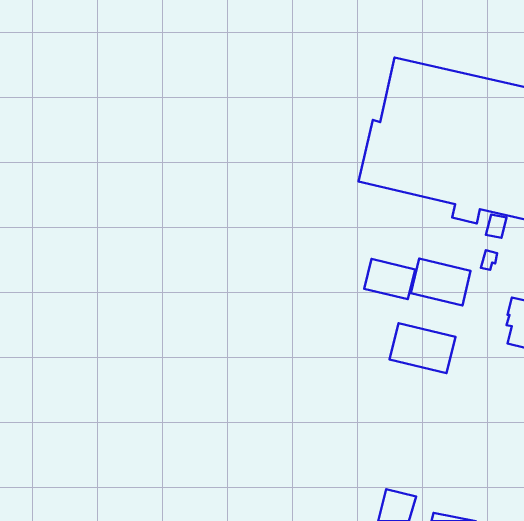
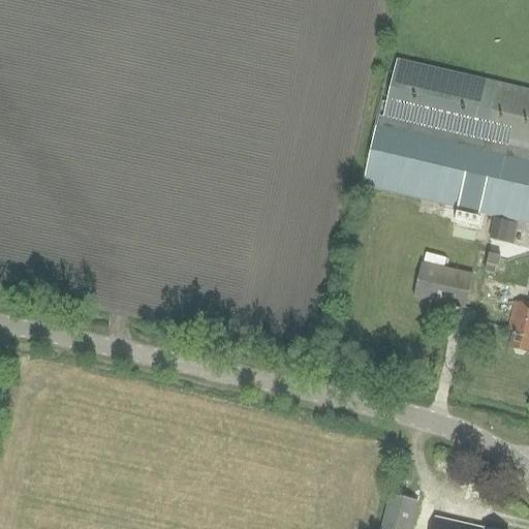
building: [364,259,415,299] -> none
building: [389,323,455,373] -> none

